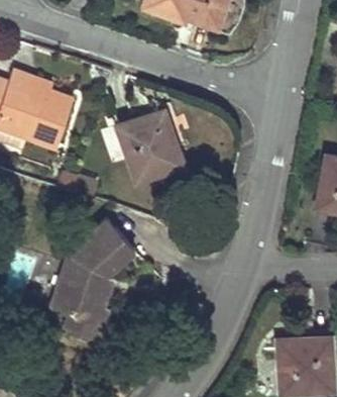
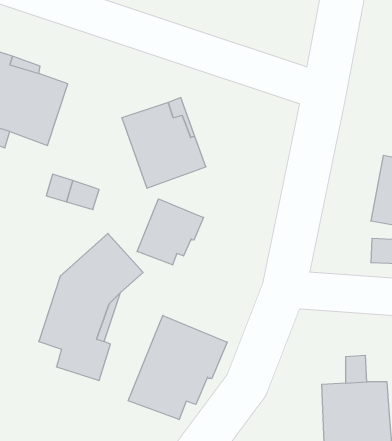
building: none -> [137,199,204,265]
building: none -> [128,315,227,420]

